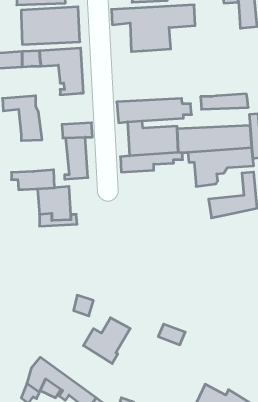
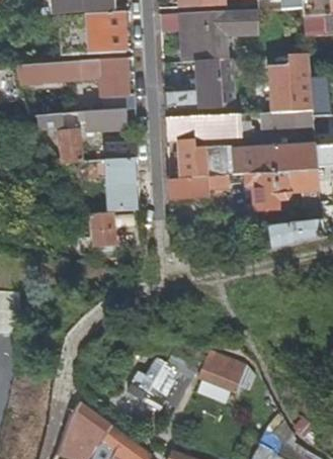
building: none -> [270,54,312,111]
building: none -> [165,58,235,111]
building: [11,170,55,190] -> [78,108,127,130]

